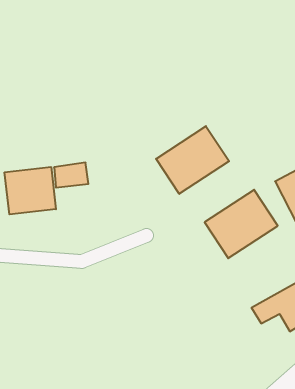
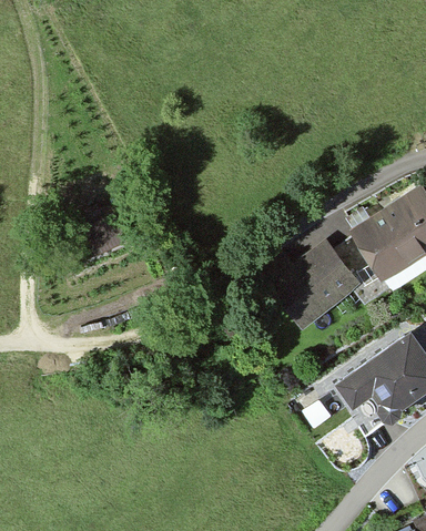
building: [156,126,229,194] -> none
building: [5,167,56,214] -> none

